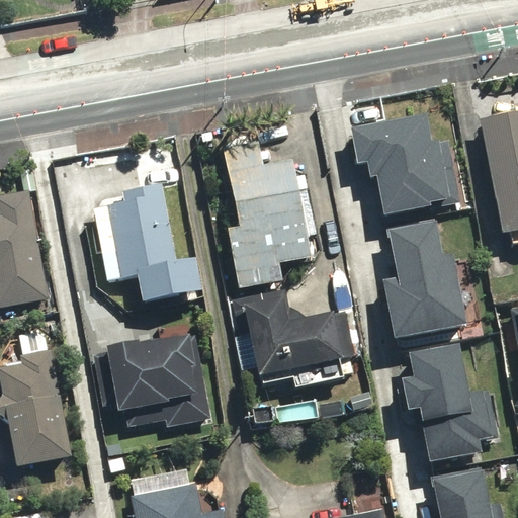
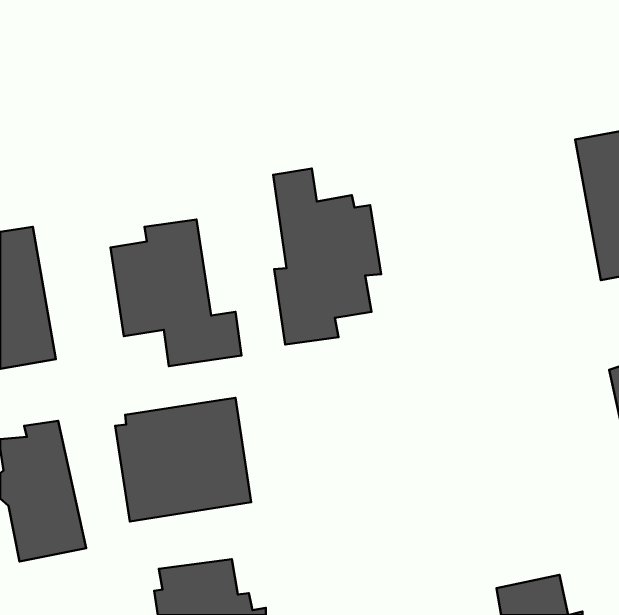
building: [342,115,449,213] -> none
building: [372,218,459,342] -> none
building: [244,288,353,377] -> none
building: [393,354,478,472] -> none

